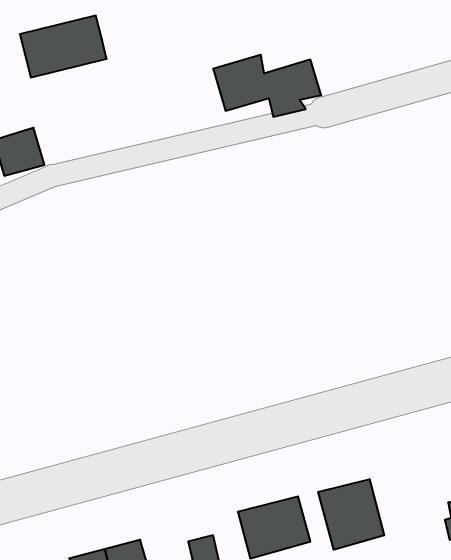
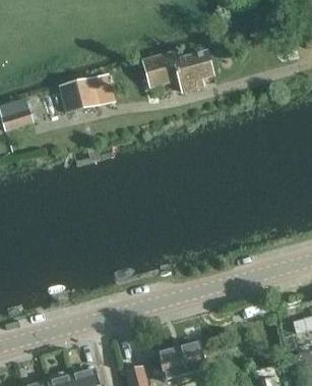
building: [20,15,107,77] -> [58,73,115,114]
building: [318,479,384,550] -> none

